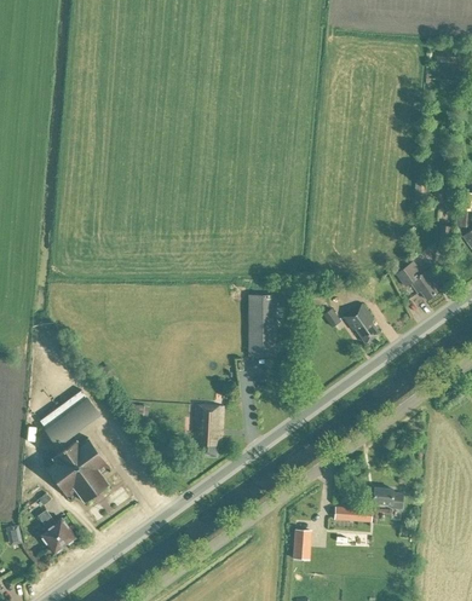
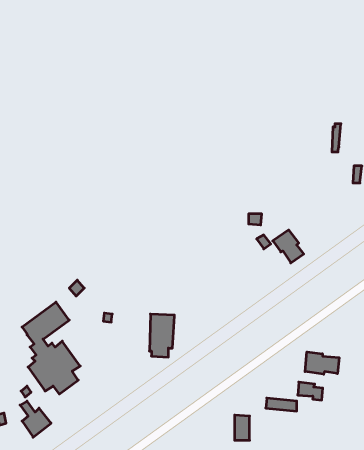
building: [396,261,439,300] -> none
building: [249,308,275,345] -> none
building: none -> [305,352,339,374]

